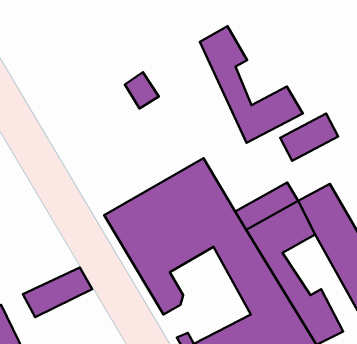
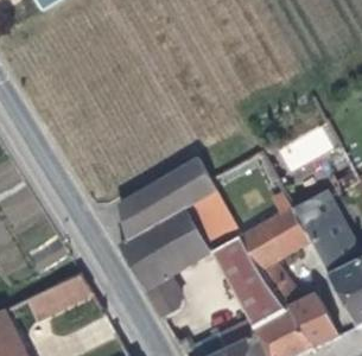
building: [200,26,303,143] -> none

